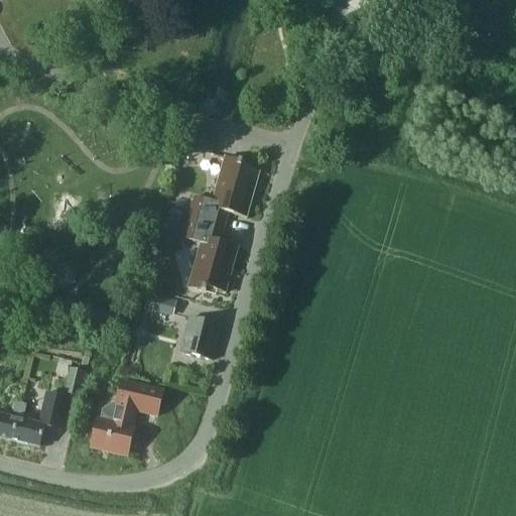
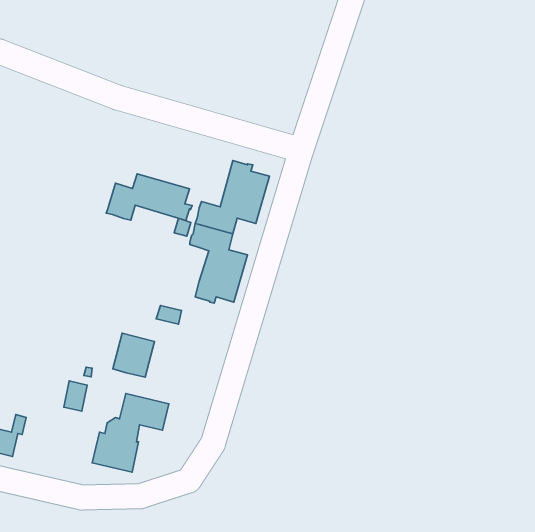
building: none -> [106,174,192,221]
building: [178,315,219,358] -> [113,333,155,377]
building: [12,390,67,444] -> none

